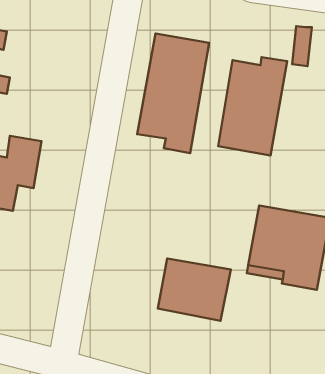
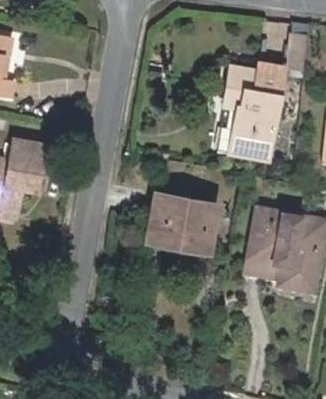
building: [137,34,209,153] -> none
building: [158,258,231,321] -> [146,191,217,252]

